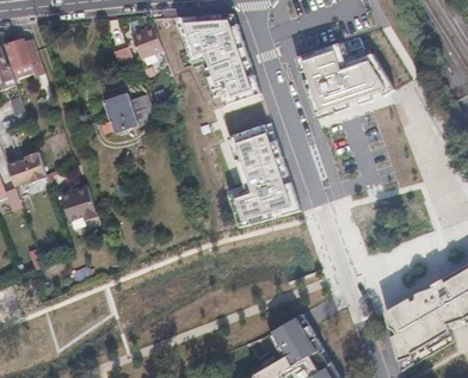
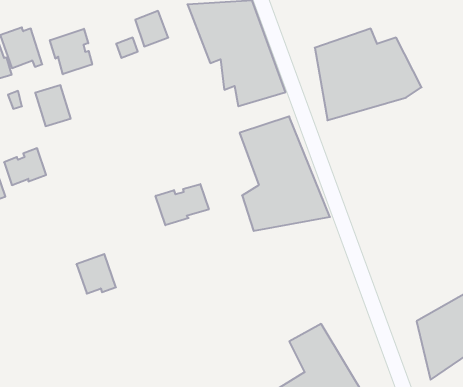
building: none -> [50,29,92,74]
building: [103,93,136,131] -> [35,85,71,126]
building: [59,184,96,221] -> [76,254,116,294]
building: none -> [156,184,209,225]

